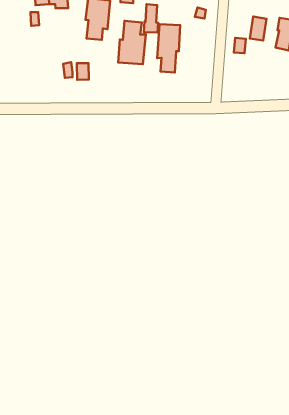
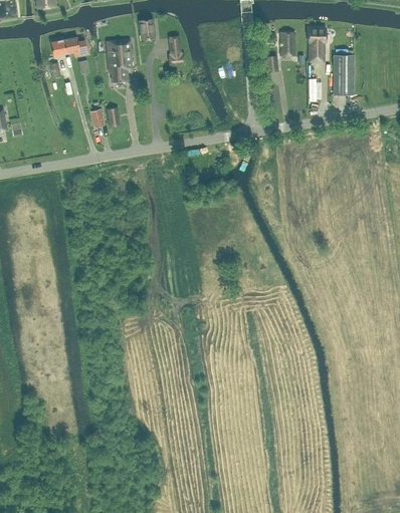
building: [118,21,146,64] -> none
building: [157,24,180,72] -> none

